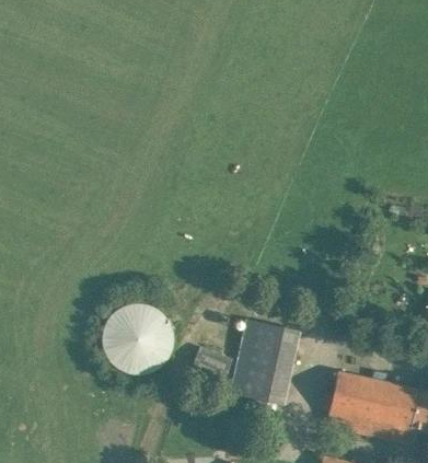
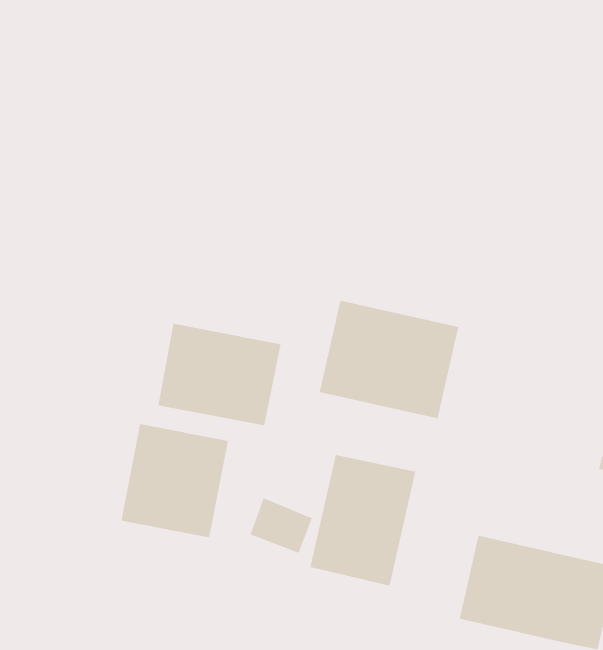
building: none -> [319,300,459,419]
building: none -> [157,323,282,426]

